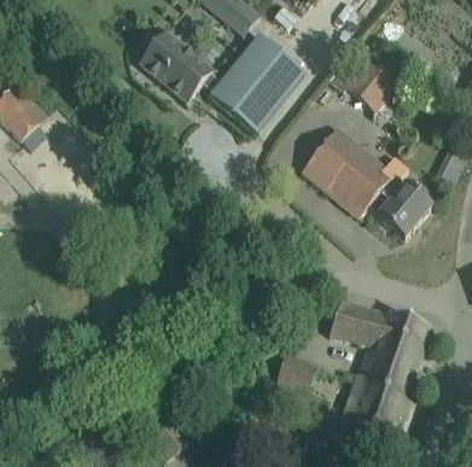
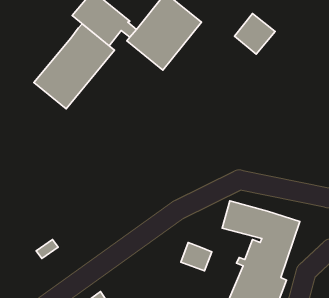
building: none -> [34,24,115,109]
building: [299,127,430,238] -> none

